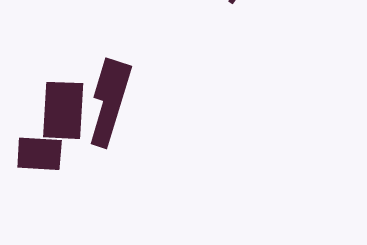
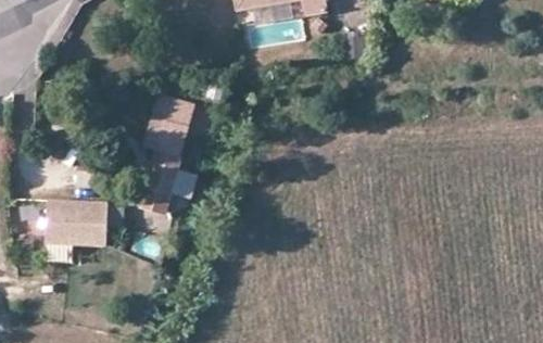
building: [42,81,84,140] -> none

